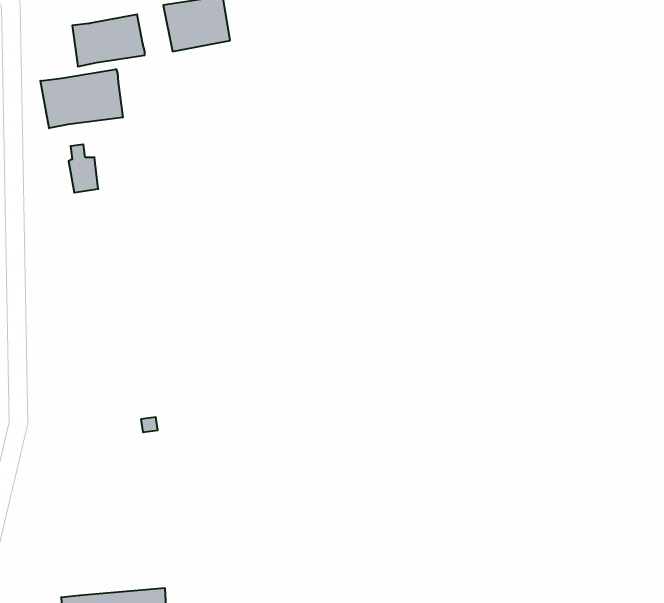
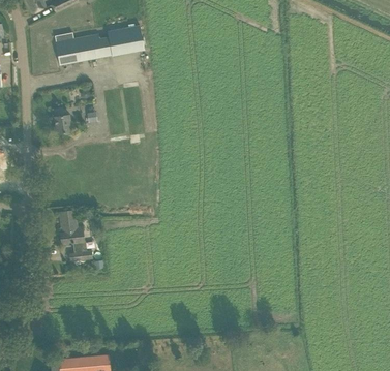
building: [40,69,123,128] -> none
building: none -> [58,212,91,261]

